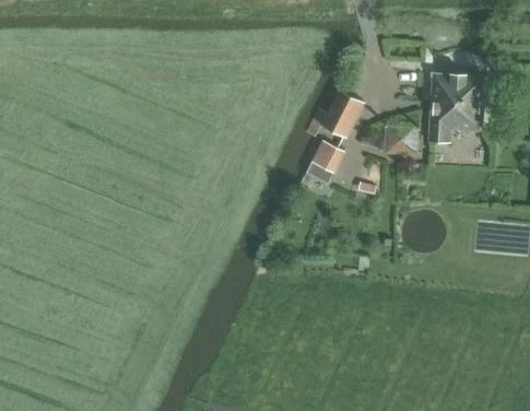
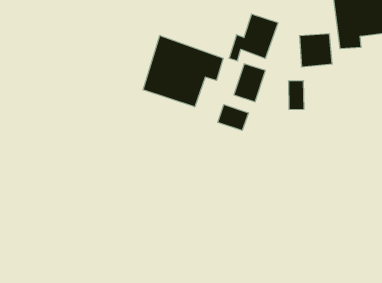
building: none -> [143,35,223,107]
building: none -> [218,105,248,130]

